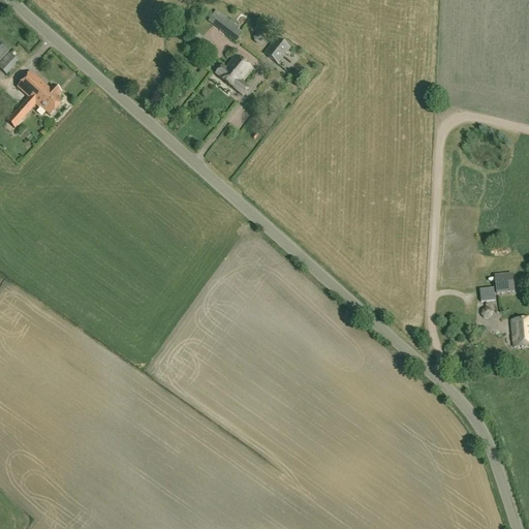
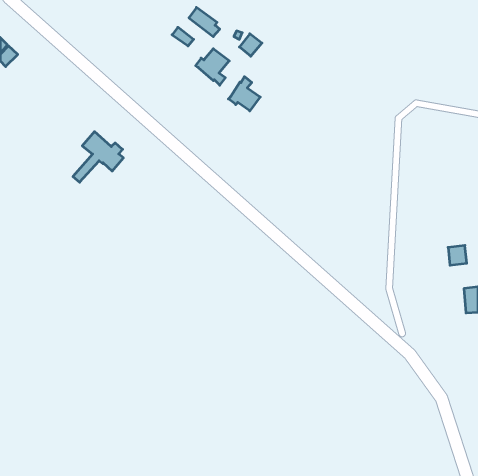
building: [7,70,63,126] -> [73,132,123,182]
building: none -> [228,77,260,111]

